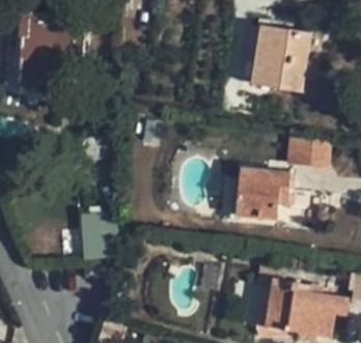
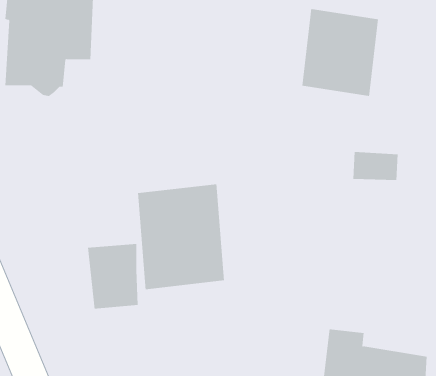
building: none -> [138,183,224,290]
building: [234,168,289,220] -> none

